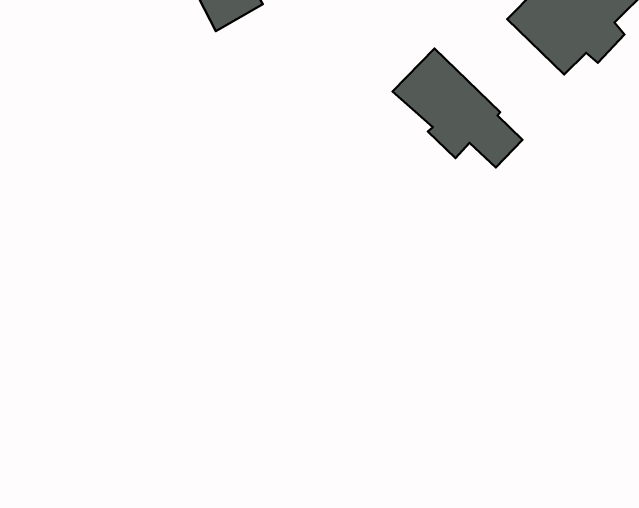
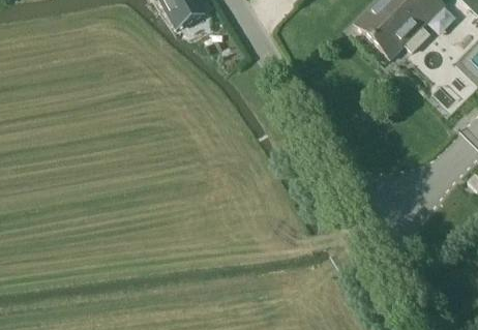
building: [392,49,522,168] -> none

